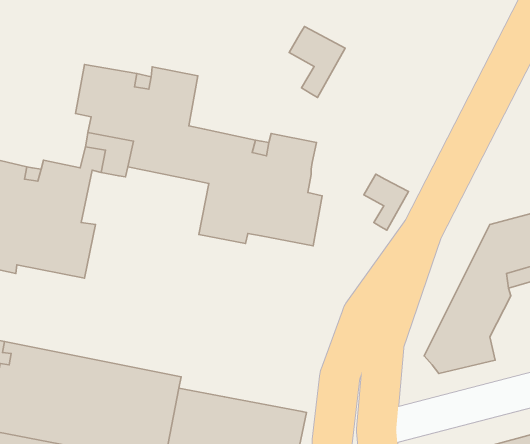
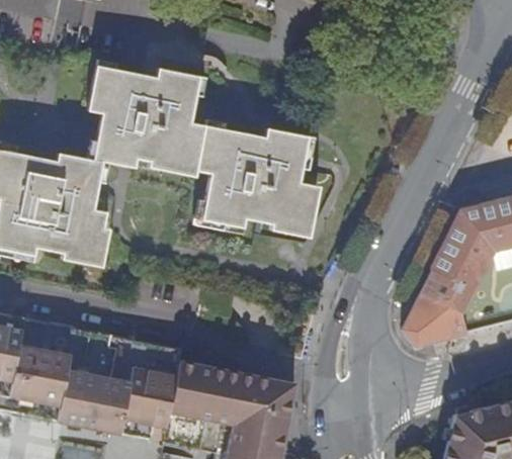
building: [289,26,345,98] -> none
building: [364,174,408,230] -> none

